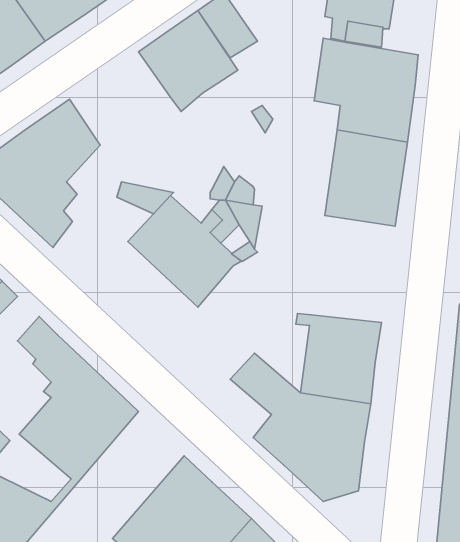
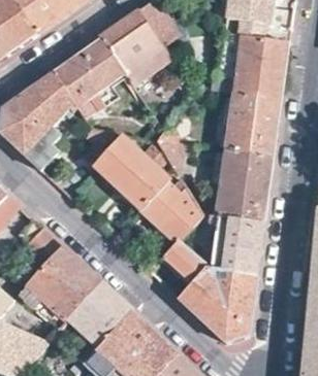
building: none -> [54,38,123,116]
building: none -> [217,148,274,220]
building: none -> [140,180,203,243]
building: none -> [68,280,131,357]

